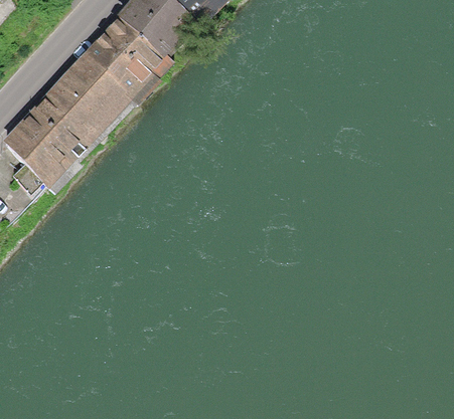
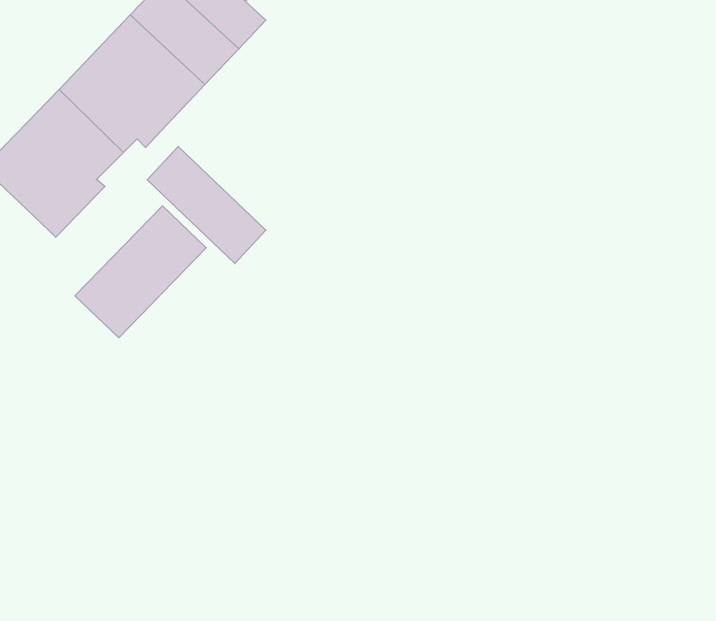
building: none -> [147,146,266,264]
building: none -> [75,206,206,338]

